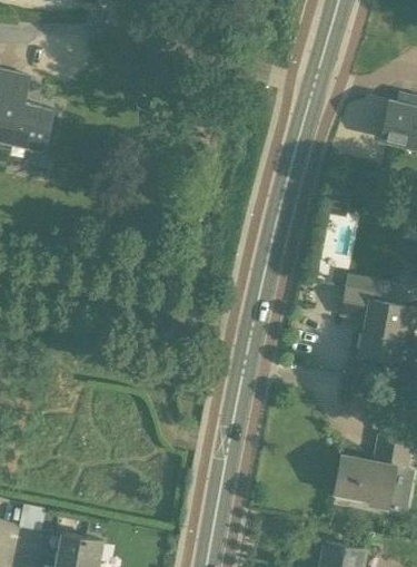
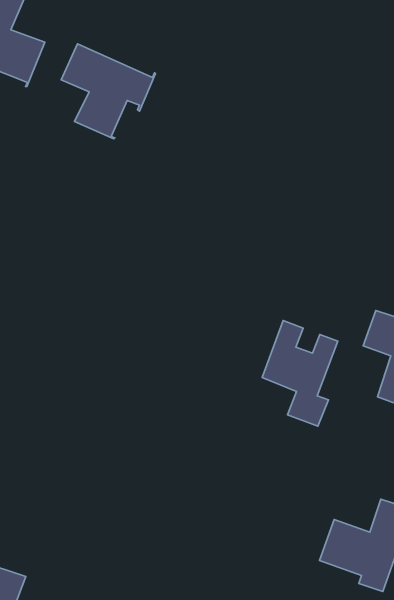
building: none -> [61,44,155,139]
building: none -> [262,320,338,426]

